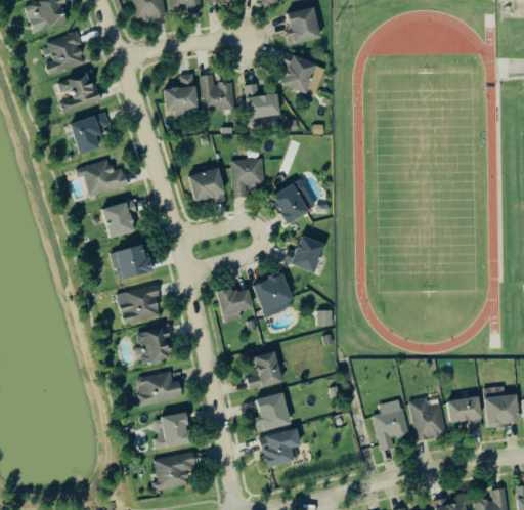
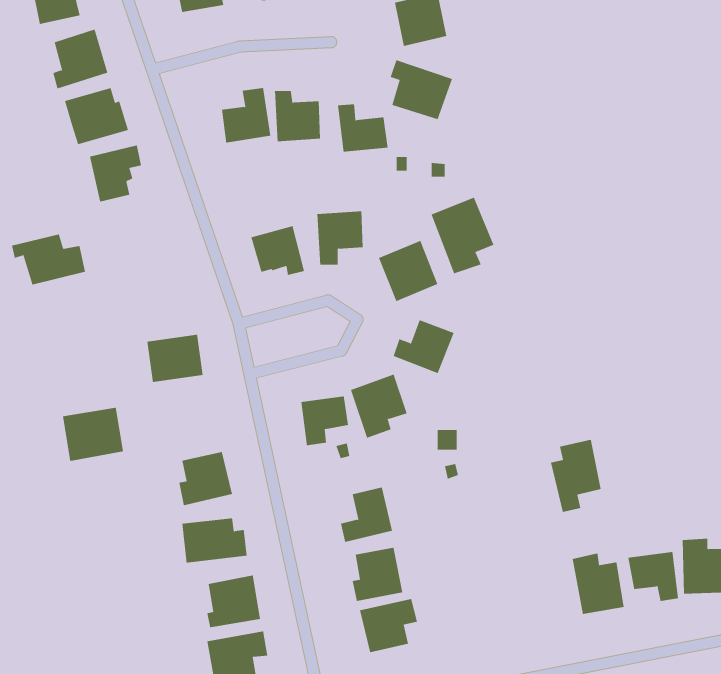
building: none -> [431,197,494,274]
building: [76,160,128,196] -> [11,234,86,285]
building: [103,200,137,238] -> none
building: [118,286,161,324] -> [62,407,124,462]
building: [373,399,408,451] -> [550,439,602,513]

